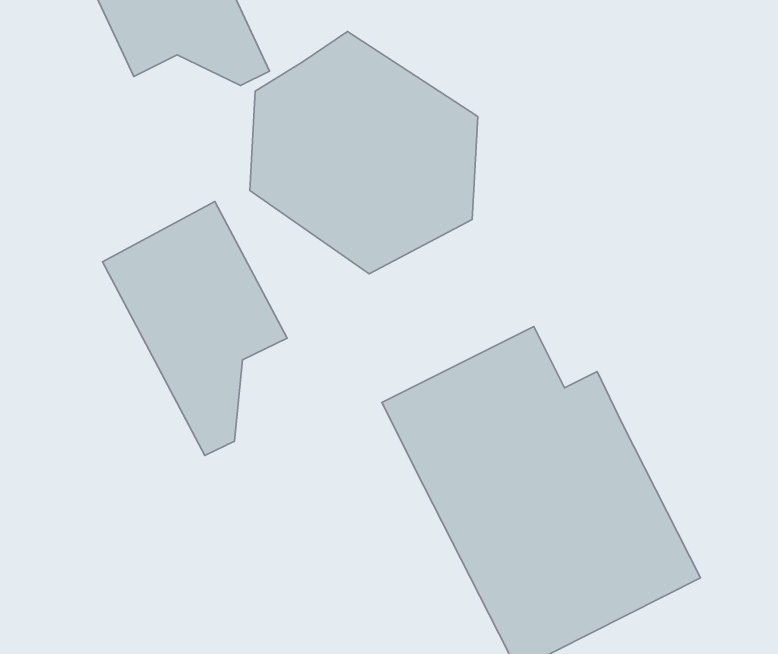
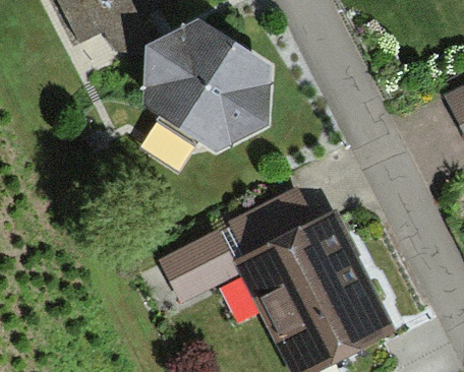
building: [103,202,287,456] -> none
building: none -> [164,229,241,304]

